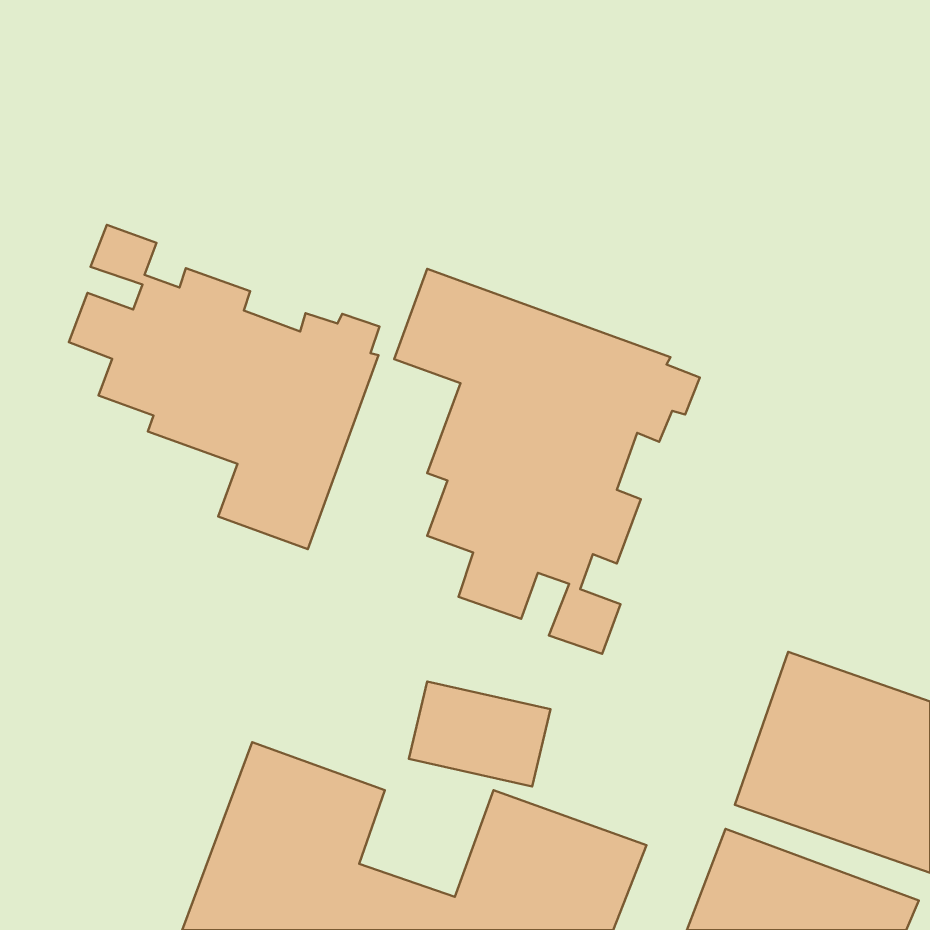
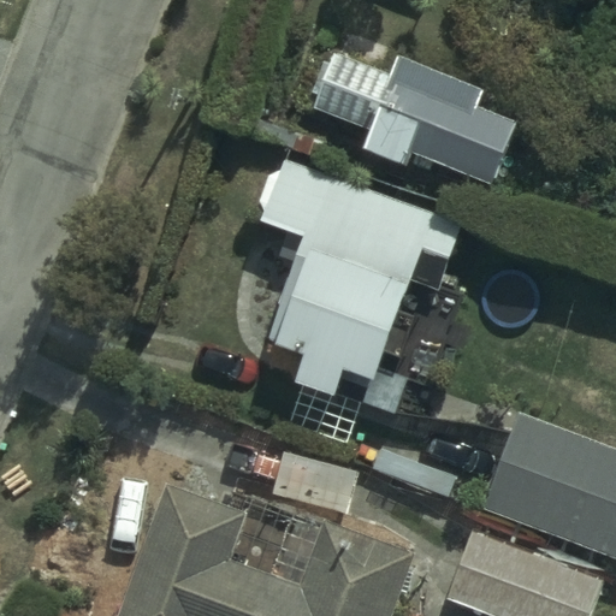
building: none -> [307,51,509,177]
building: [69,225,379,549] -> none

